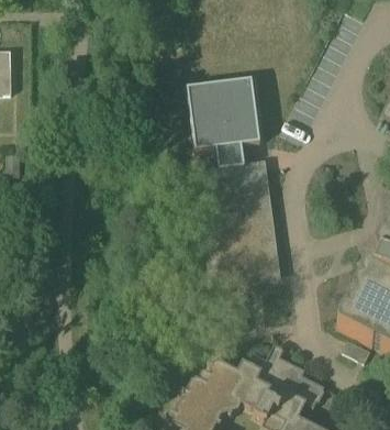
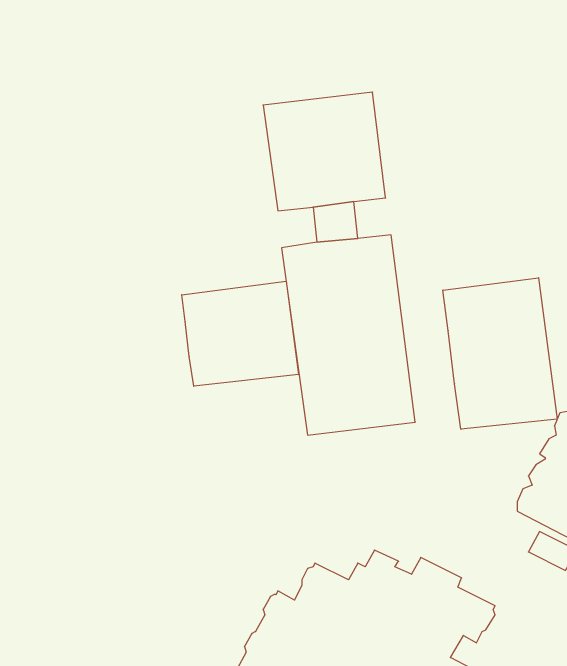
building: none -> [443,278,557,429]
building: none -> [182,281,299,386]

